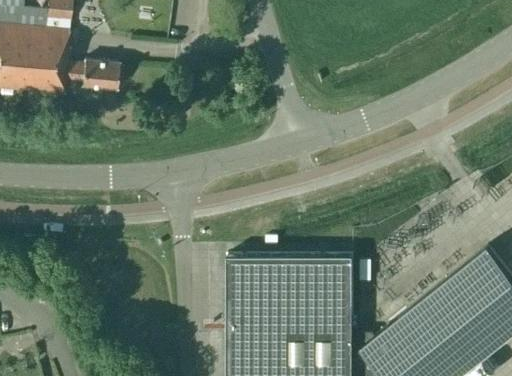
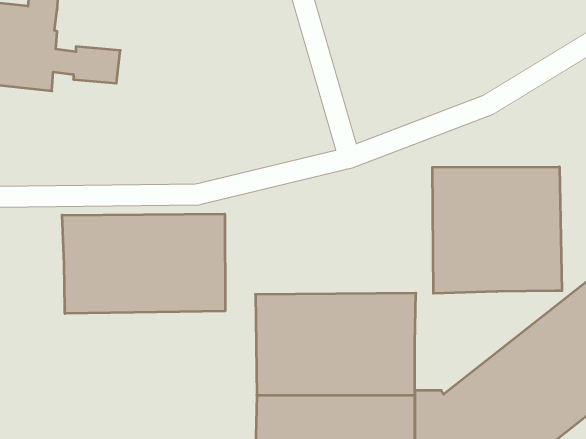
building: none -> [432,167,562,293]
building: none -> [62,214,225,314]

